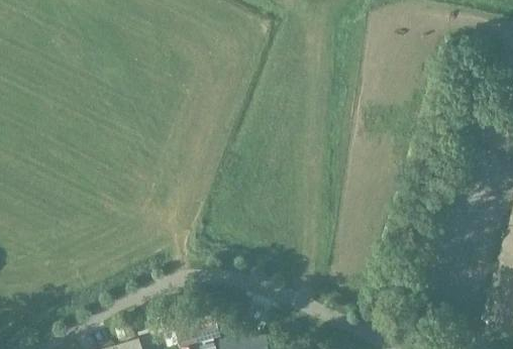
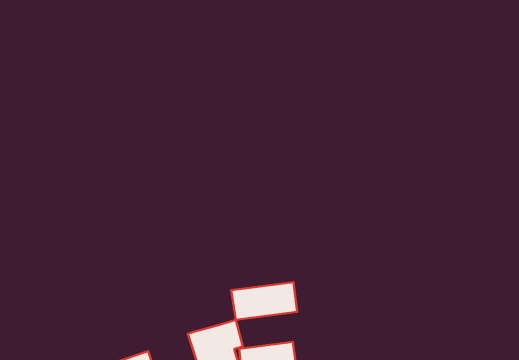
building: none -> [231,282,297,320]

